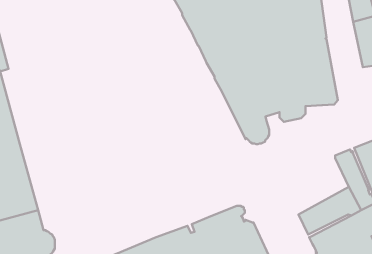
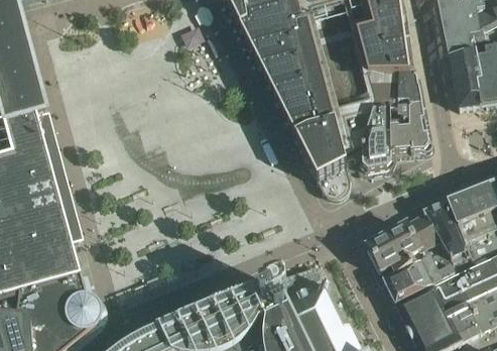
building: none -> [371,212,443,277]

